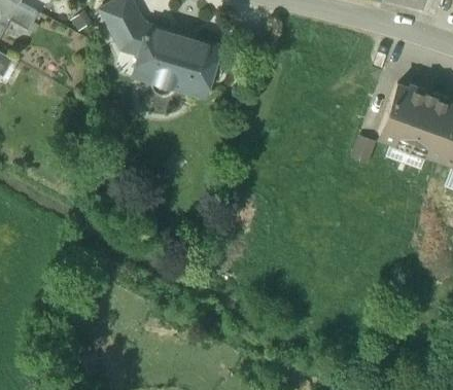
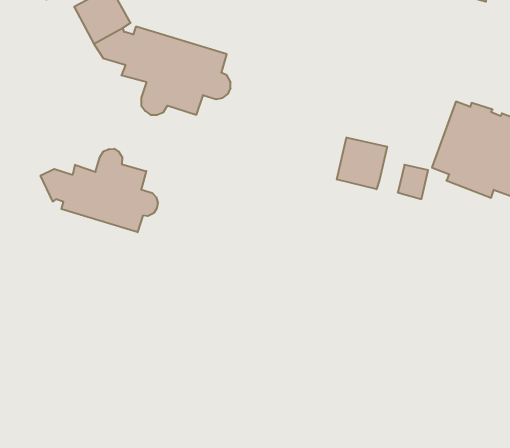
building: none -> [337,137,387,189]
building: none -> [41,149,158,232]

